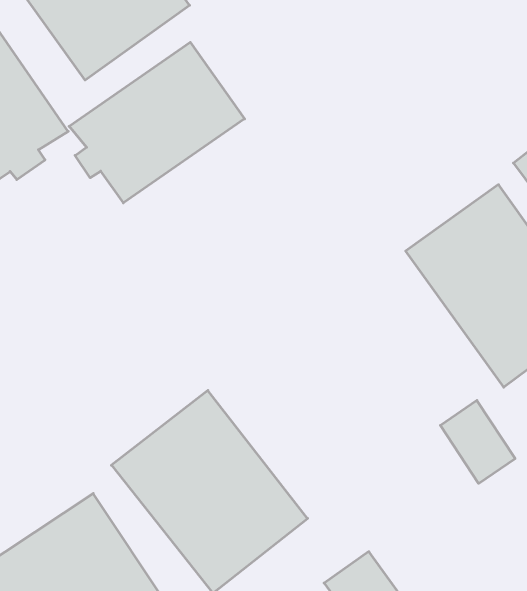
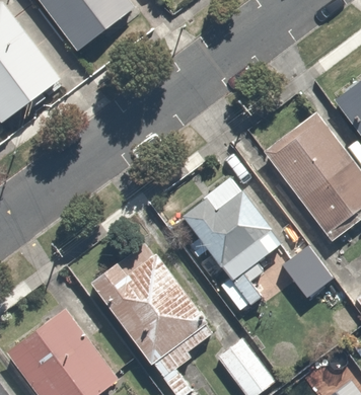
building: [69,42,245,203] -> none
building: none -> [179,176,285,284]

